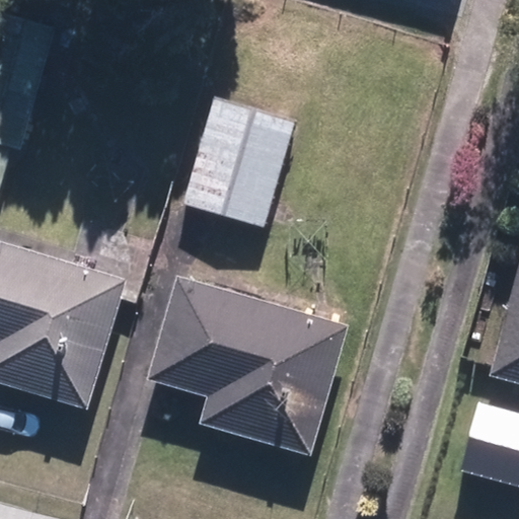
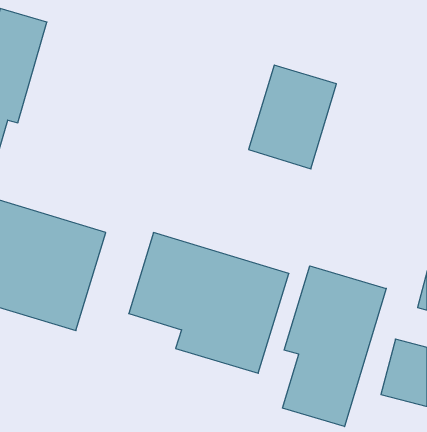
building: [188,101,292,225] -> [249,65,336,169]
building: none -> [283,266,386,427]

